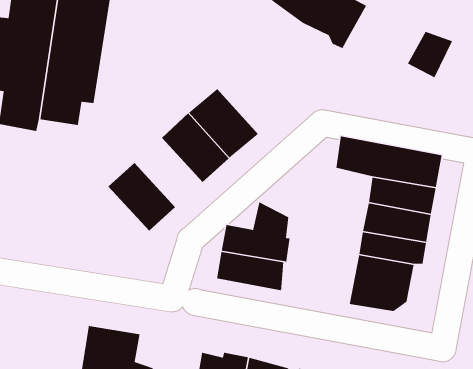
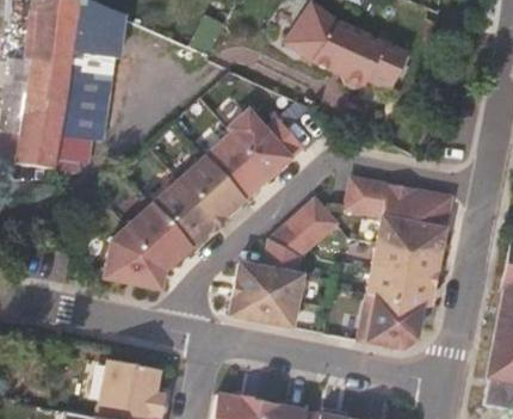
building: [407,31,453,78] -> [360,48,406,94]
building: none -> [227,107,305,174]
building: none -> [150,178,217,246]
building: none -> [272,197,341,255]
building: none -> [104,226,165,286]

